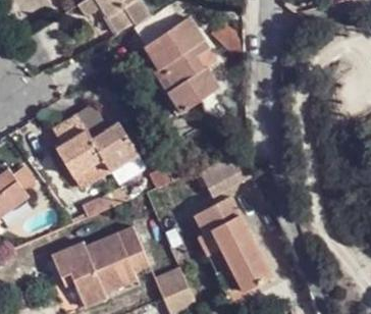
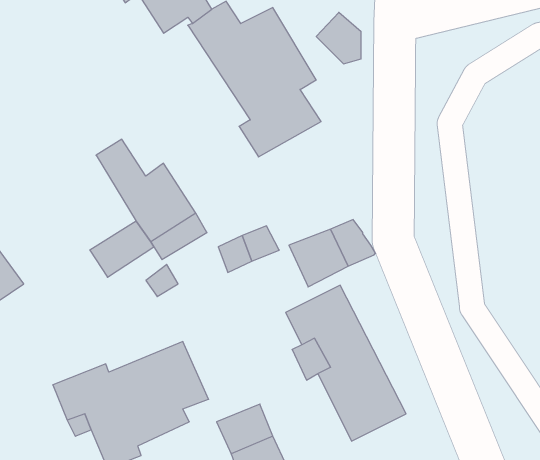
building: [51,112,101,172] -> none

